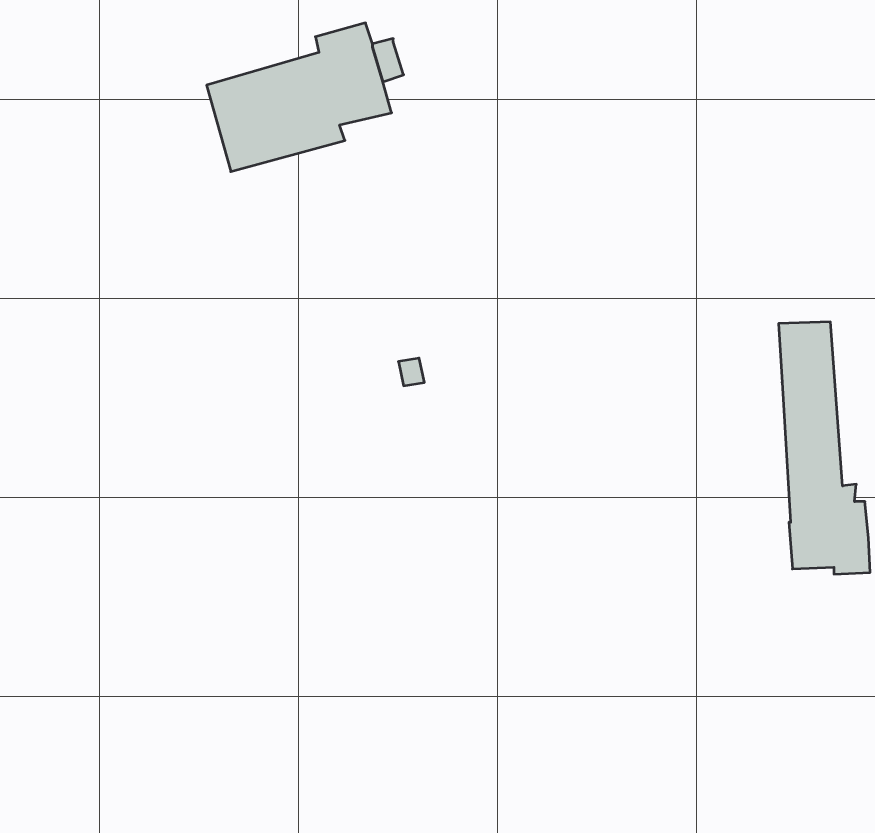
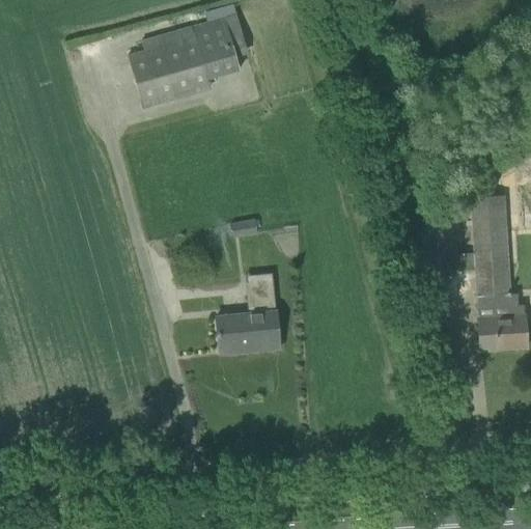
building: none -> [217,278,280,351]

